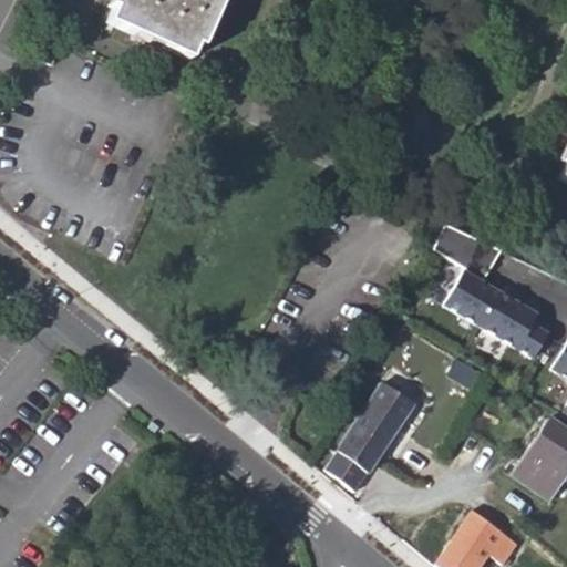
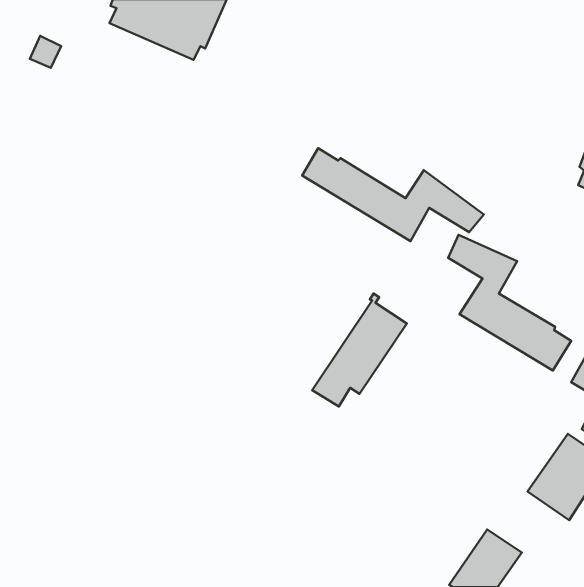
building: none -> [302,148,484,241]
building: [324,375,415,484] -> [312,294,407,406]

